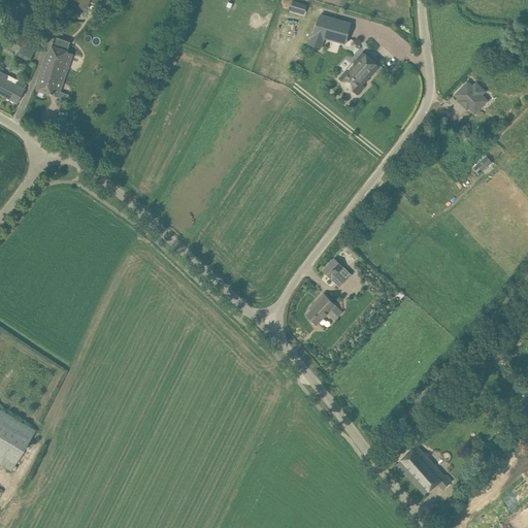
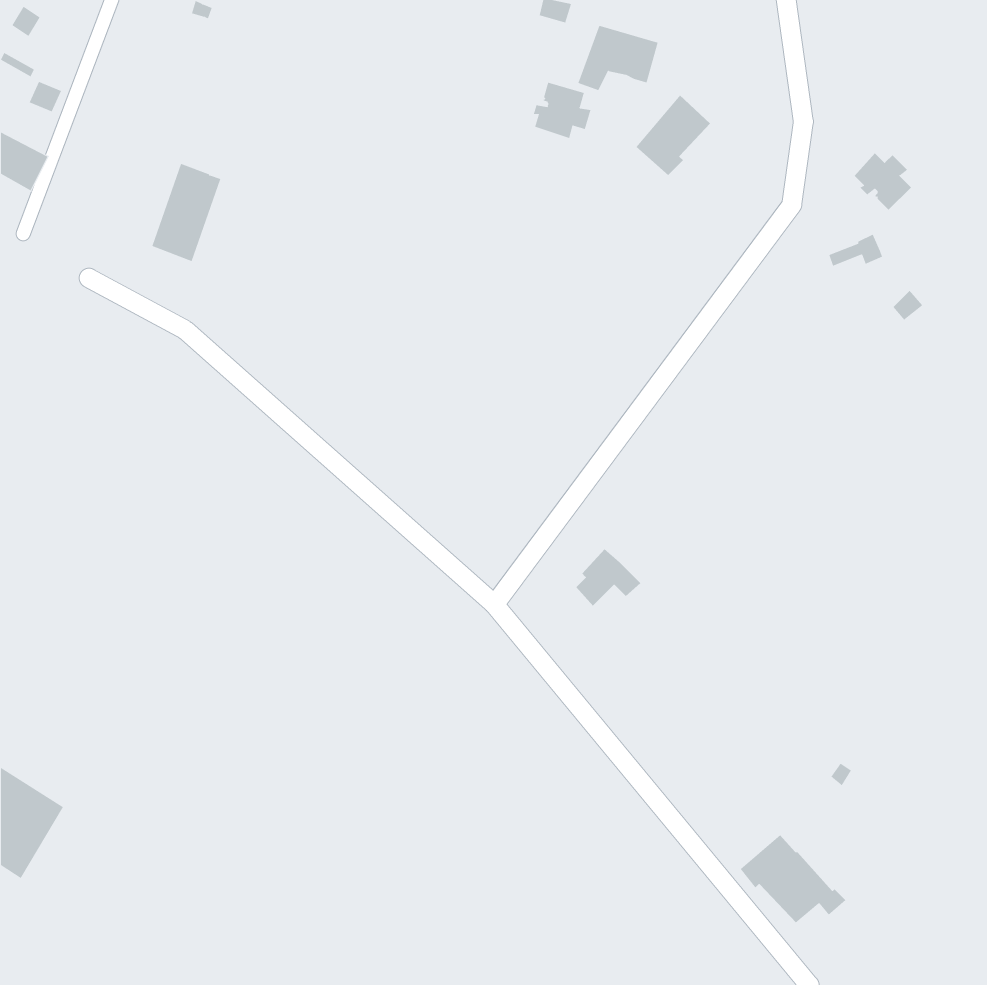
building: none -> [533,82,591,139]
building: [35,44,72,97] -> [152,163,221,262]
building: [323,258,351,286] -> none

